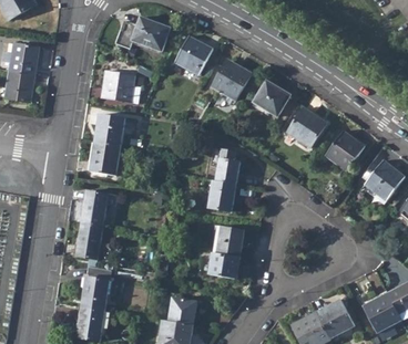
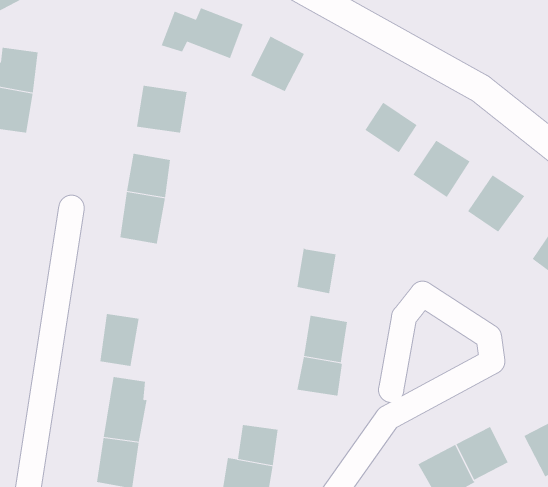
building: [212,59,252,101] -> none
building: [215,148,239,184] -> none
building: [81,191,109,227] -> none

